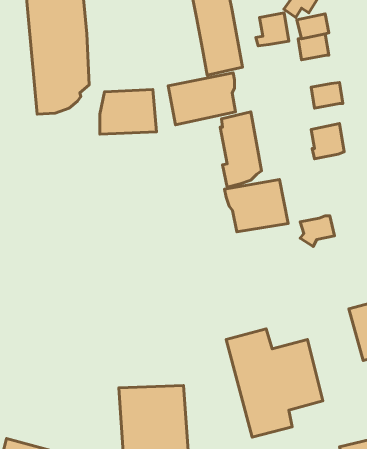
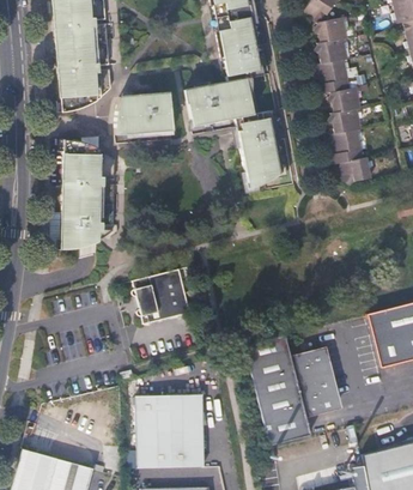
building: [256,13,289,46] -> [317,59,351,92]
building: none -> [329,108,363,133]
building: none -> [55,138,111,260]
building: [224,179,288,232] -> none
building: [300,216,334,246] -> [339,157,373,188]
building: none -> [130,266,192,322]

